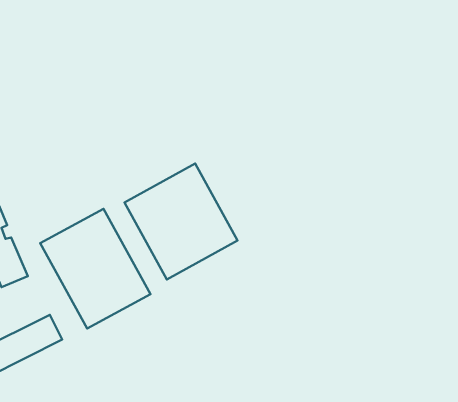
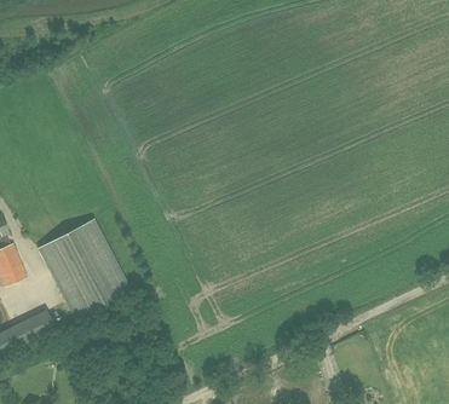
building: [125,163,238,280] -> none

